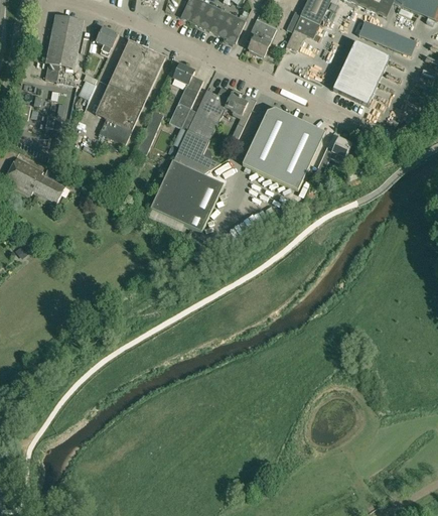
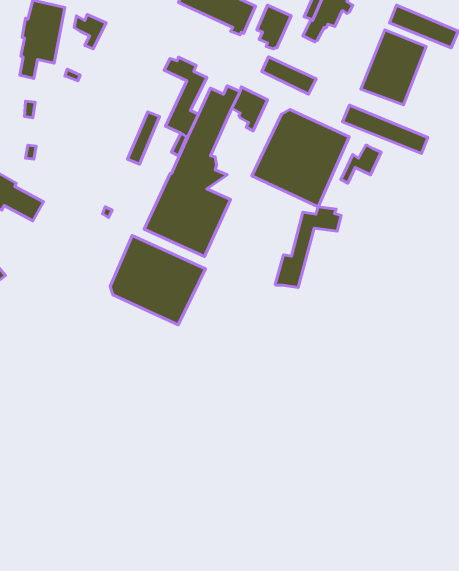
building: [95,38,164,144] -> none
building: none -> [262,57,316,94]
building: none -> [342,105,428,153]
building: none -> [275,207,341,287]
building: none -> [110,235,205,325]

